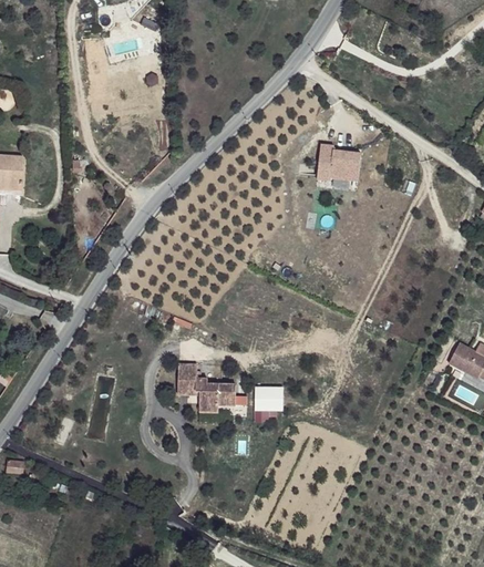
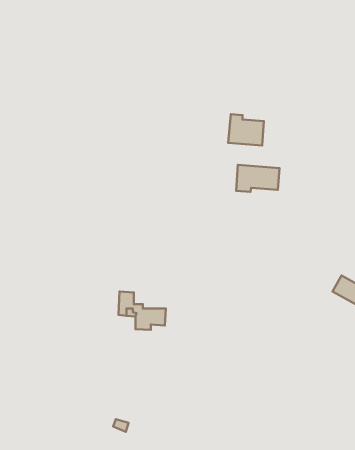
building: none -> [236,165,280,192]
building: [255,382,284,405] -> none

